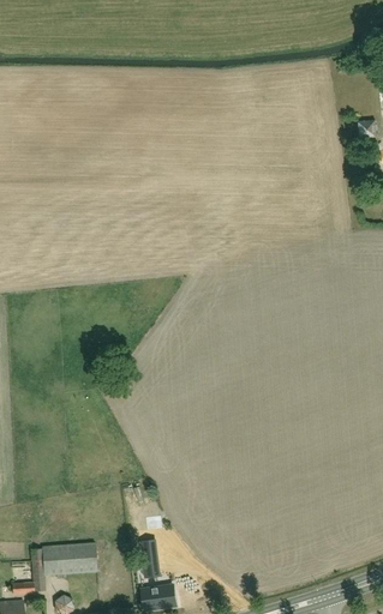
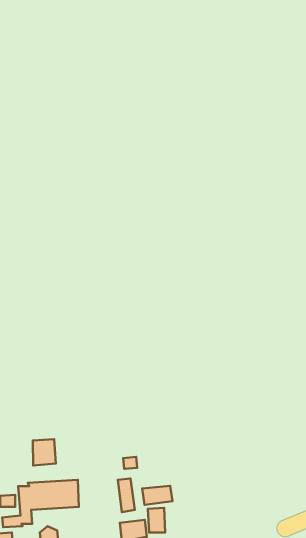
building: none -> [33,439,56,465]
building: none -> [142,486,172,505]

